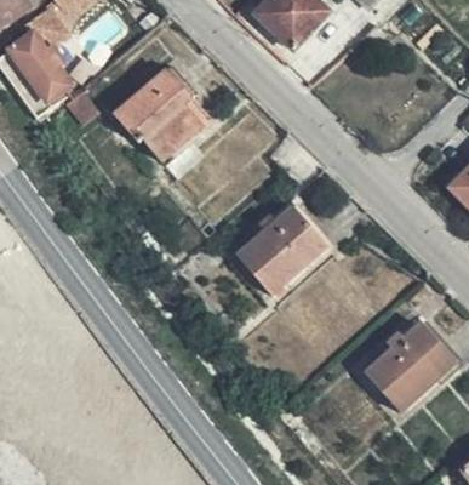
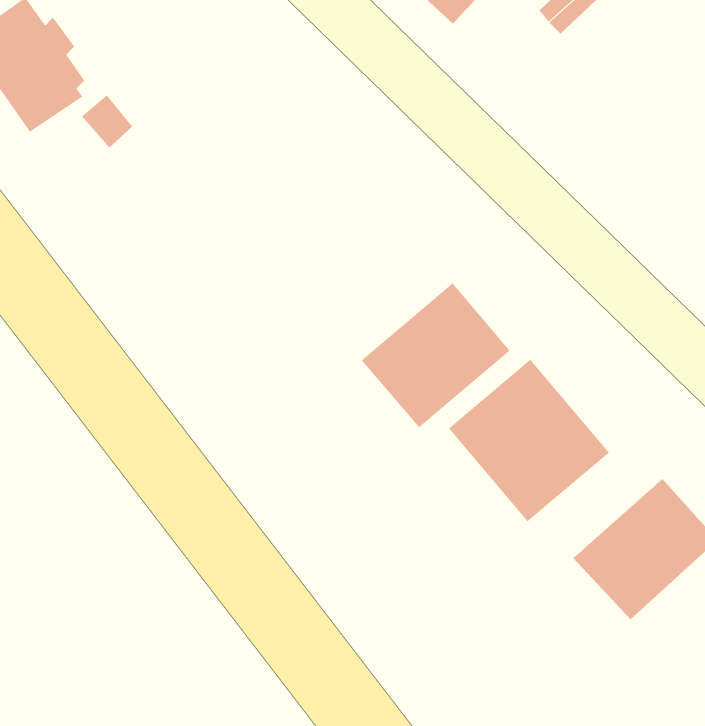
building: [115,68,202,159] -> none
building: none -> [448,359,610,522]

